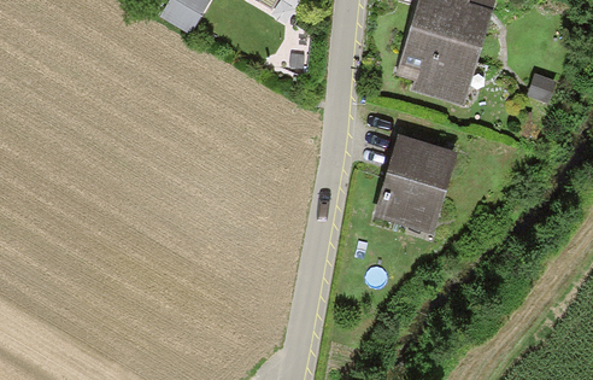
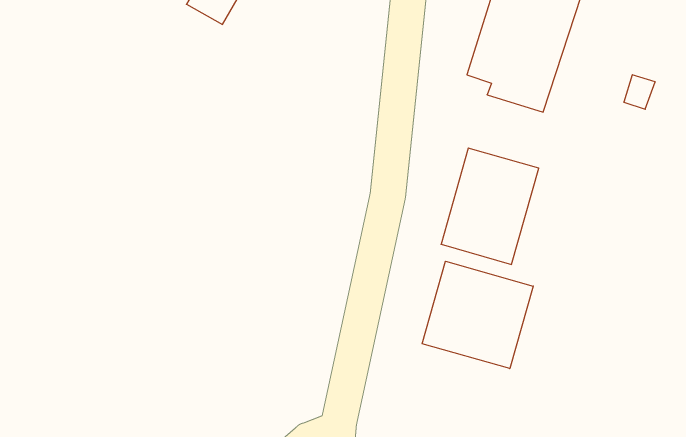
building: none -> [422,261,533,369]

